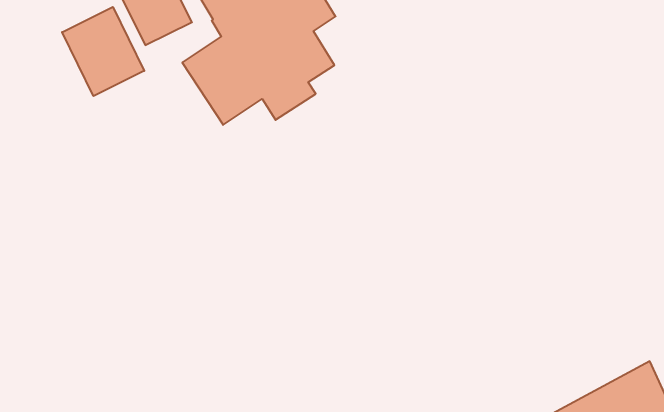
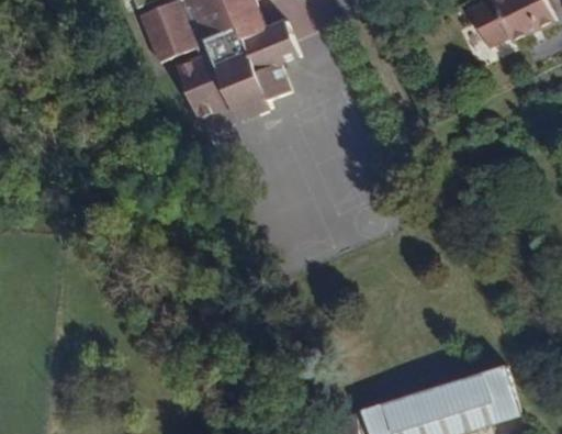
building: [62,7,144,96] -> none

